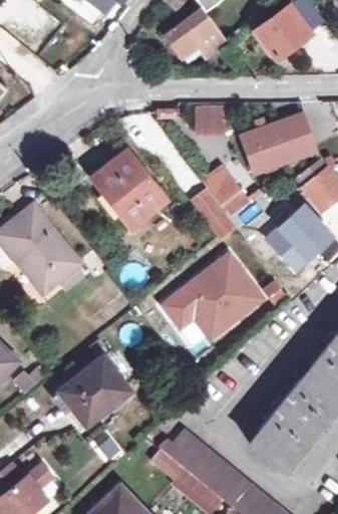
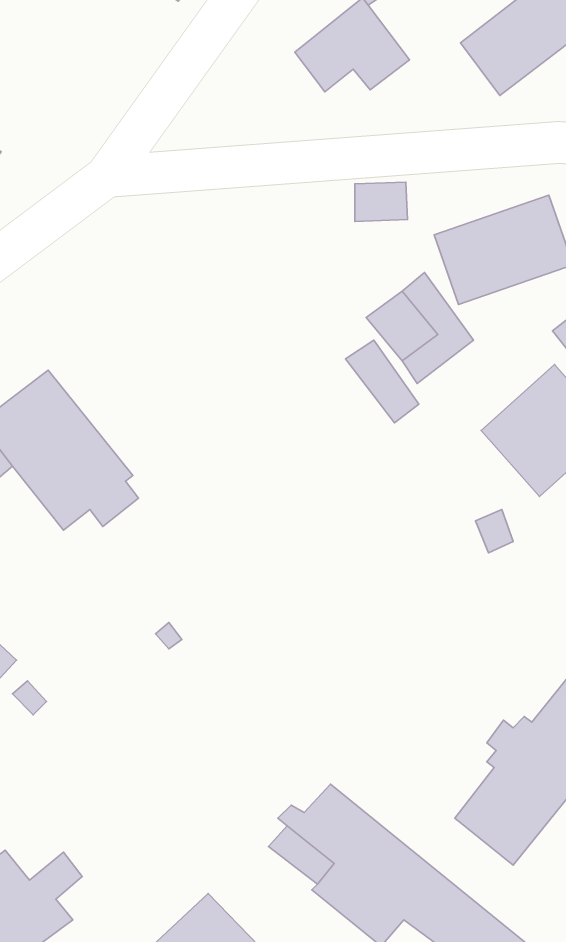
building: [91,151,166,228] -> none
building: [164,254,265,336] -> none
building: [59,357,129,426] -> none

